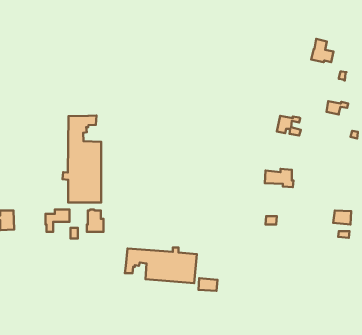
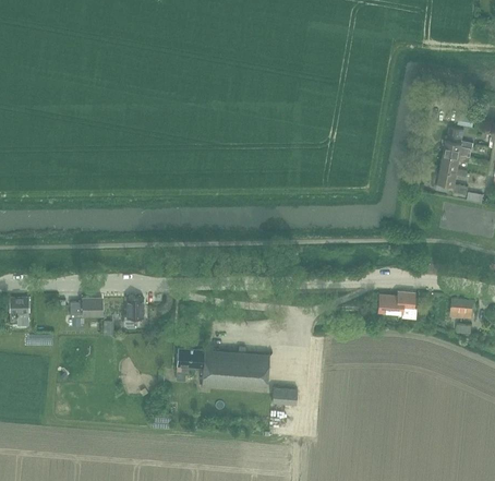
building: [311,39,334,62] -> [443,125,472,156]
building: [63,116,101,202] -> none
building: [277,116,301,136] -> [436,167,468,193]
building: [265,169,294,187] -> [377,291,415,315]

